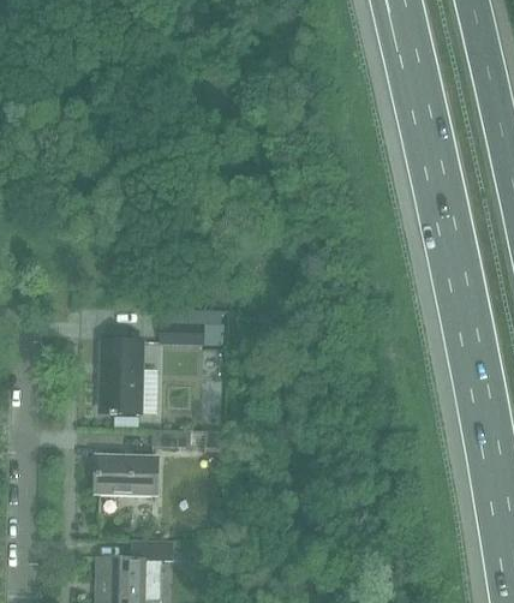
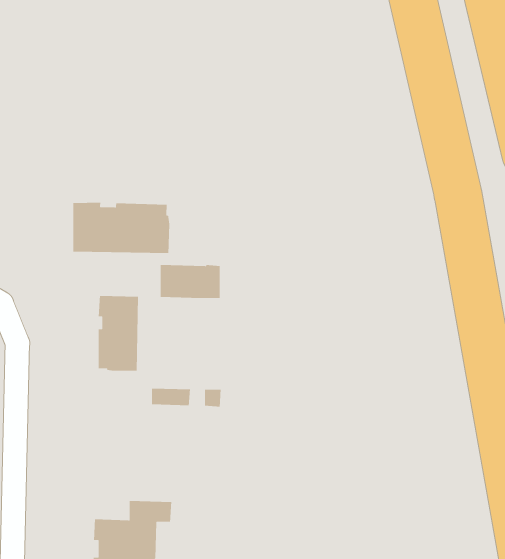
building: none -> [72,202,170,254]
building: [98,450,155,513] -> none

